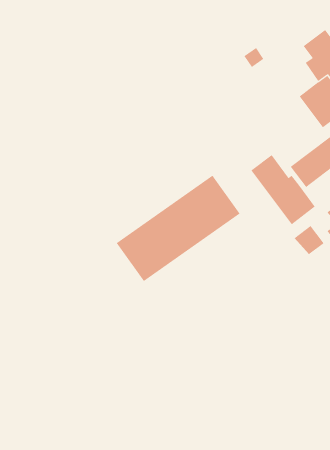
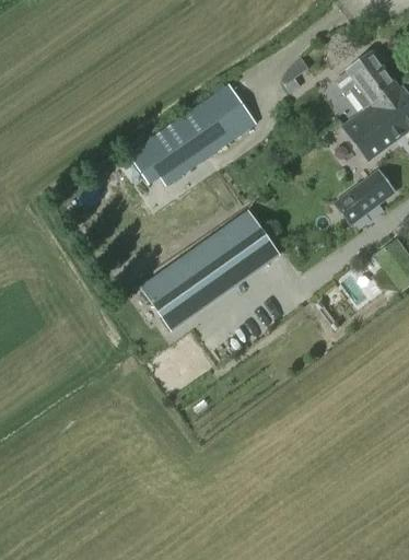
building: none -> [129,83,256,184]
building: [250,154,316,225] -> none

